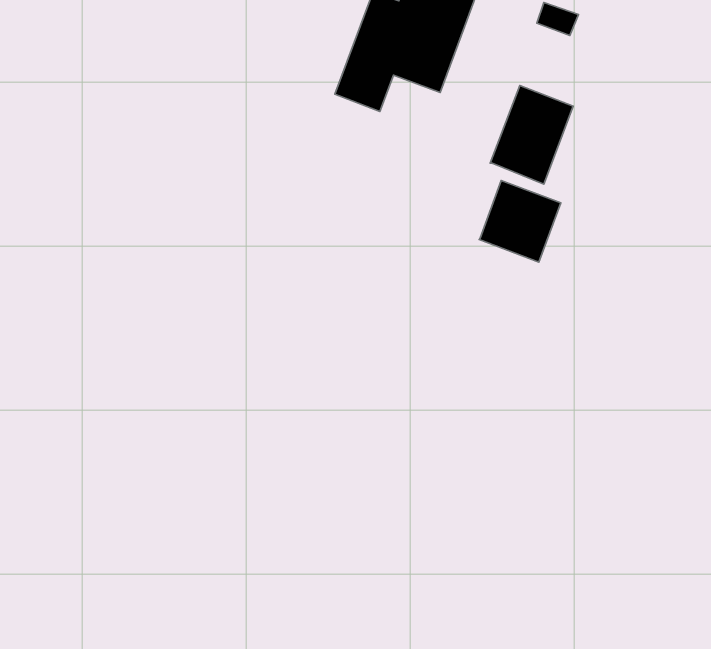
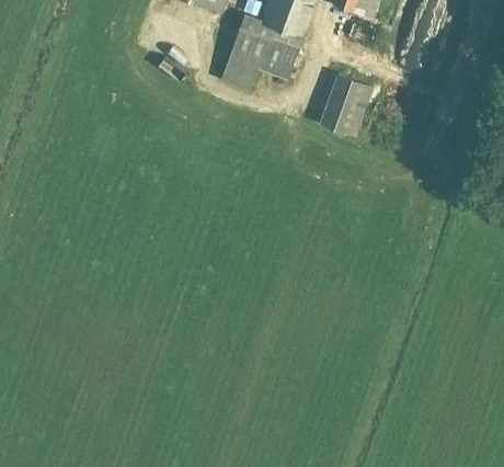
building: [479,180,561,262] -> none

